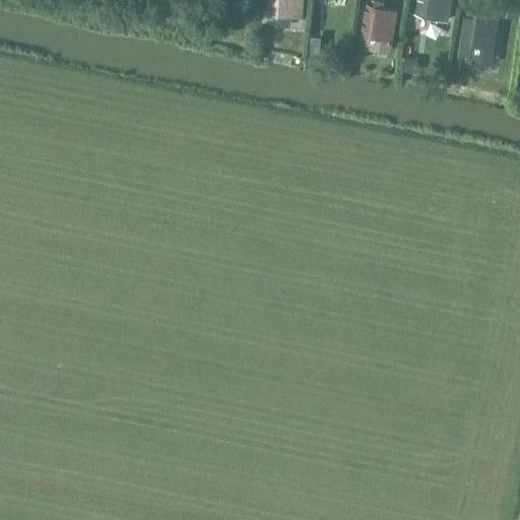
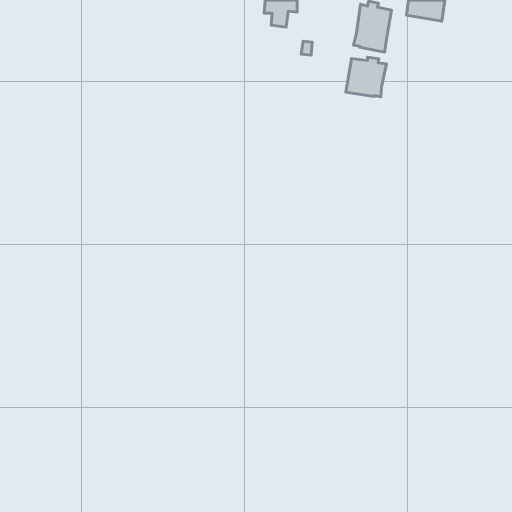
building: [457,8,499,67] -> none
building: none -> [346,57,386,97]

